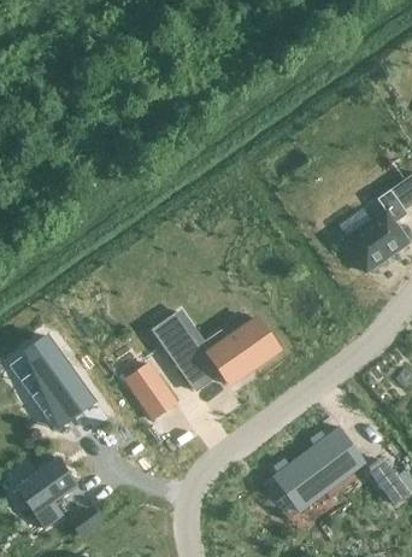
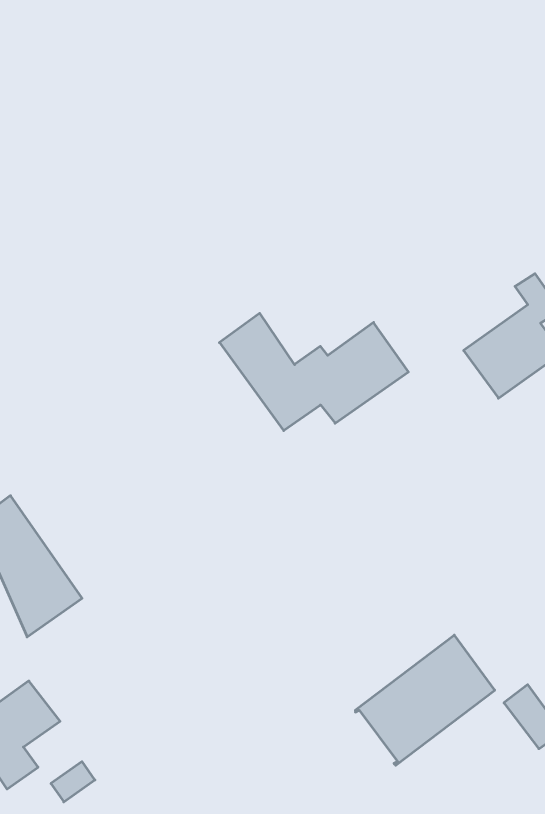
building: [154,311,278,388] -> [219,313,408,431]
building: [125,363,176,418] -> none

